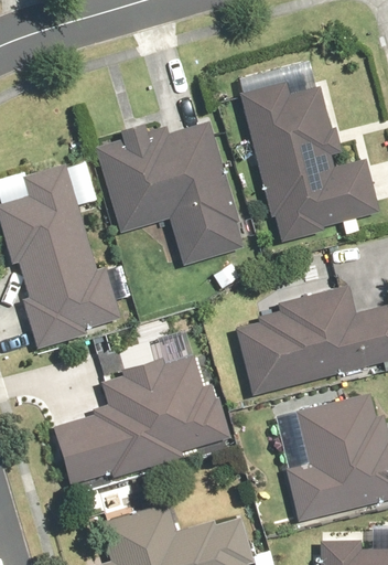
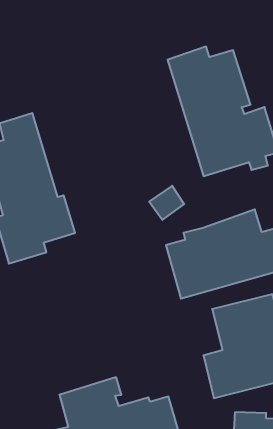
building: [96,121,245,266] -> none
building: [53,355,231,487] -> none

